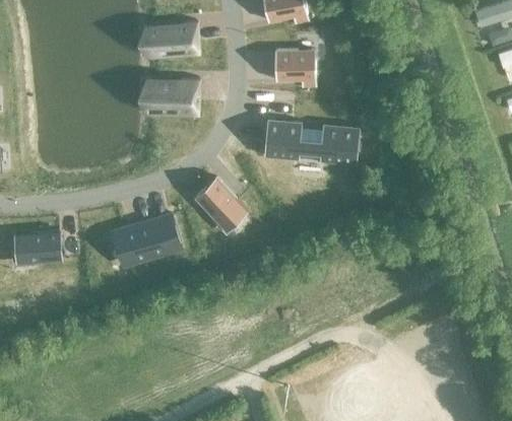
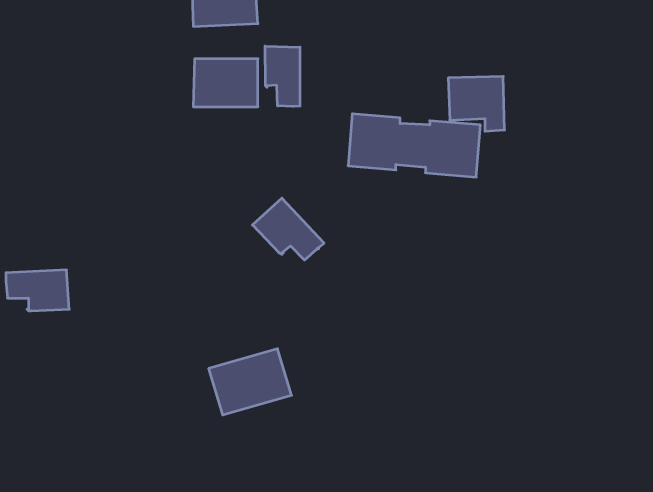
building: [273,49,314,88] -> [448,76,505,131]
building: none -> [265,46,300,106]
building: [119,213,179,261] -> [209,349,292,415]

